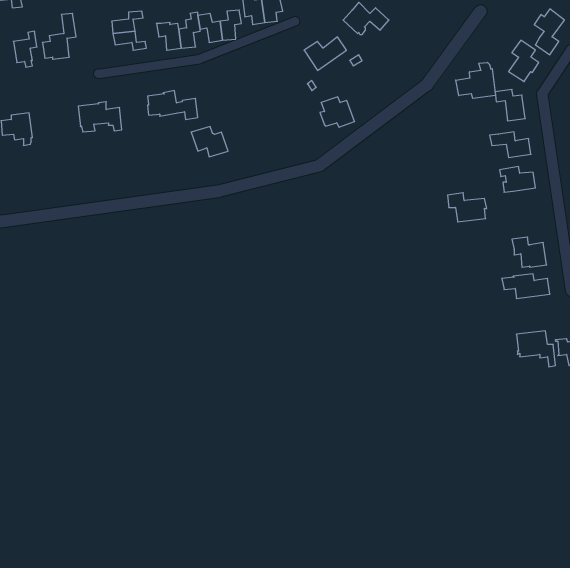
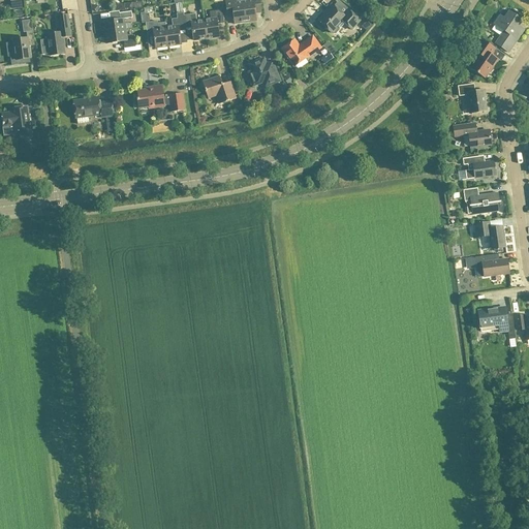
building: [456,62,496,98] -> none
building: [320,97,355,127] -> [248,57,280,85]
building: [191,127,228,157] -> [203,74,237,102]
building: [448,193,487,222] -> [464,186,500,213]

